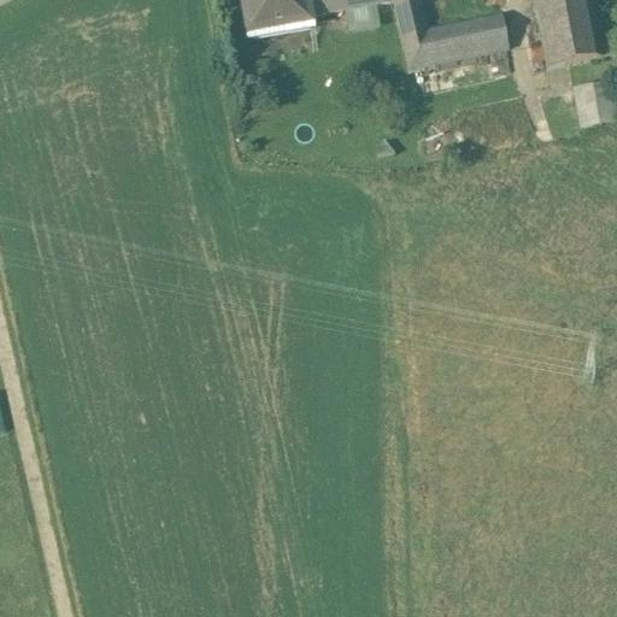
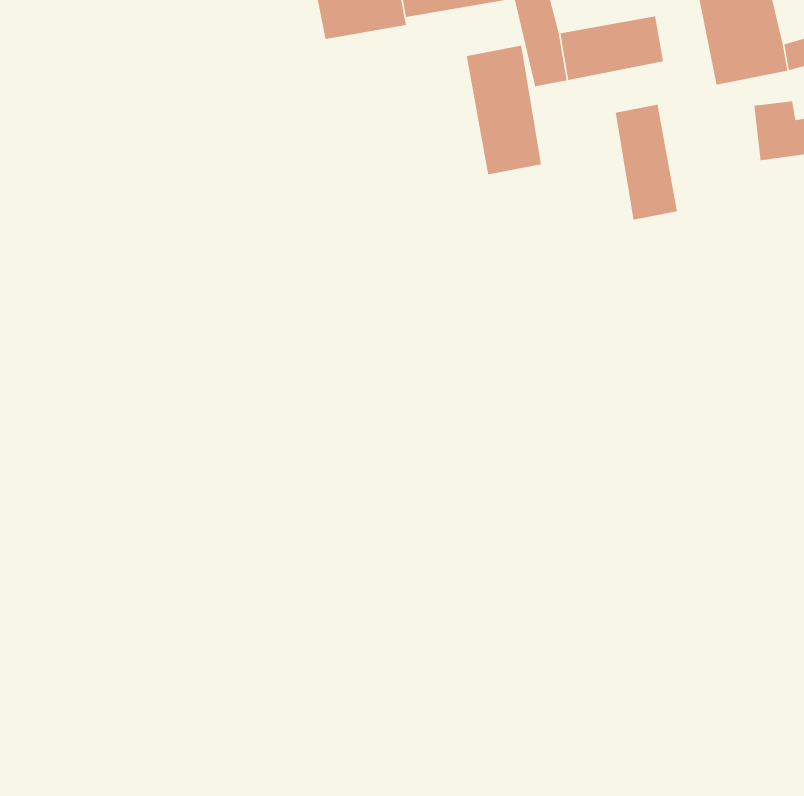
building: none -> [466,45,541,175]
building: none -> [615,104,677,221]

